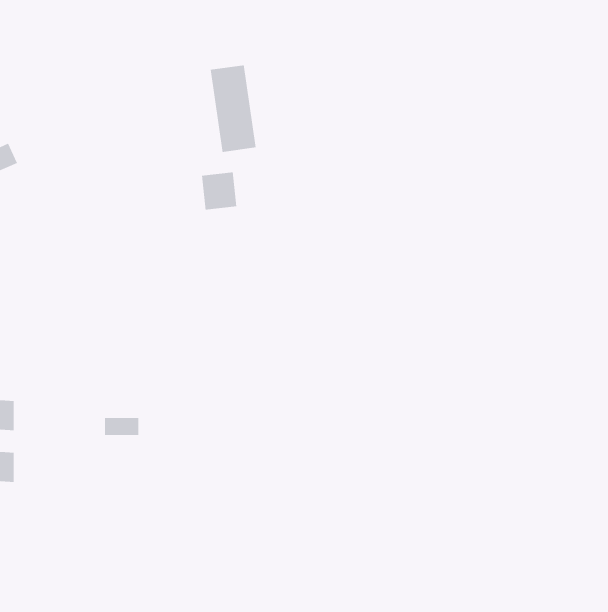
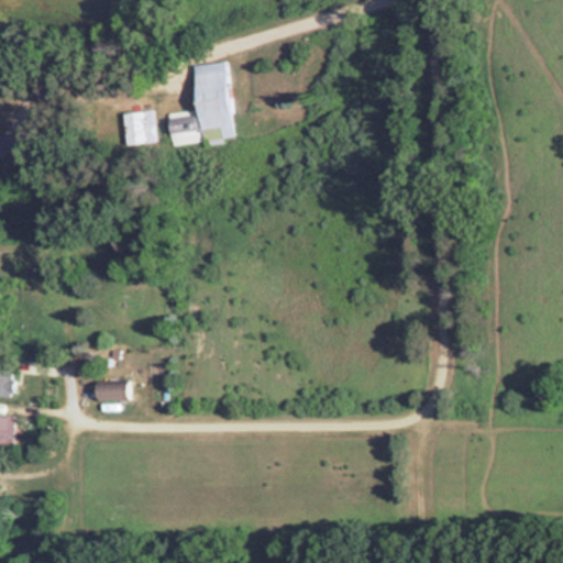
building: none -> [122,110,155,144]
building: [201,172,237,210] -> [167,110,200,145]

